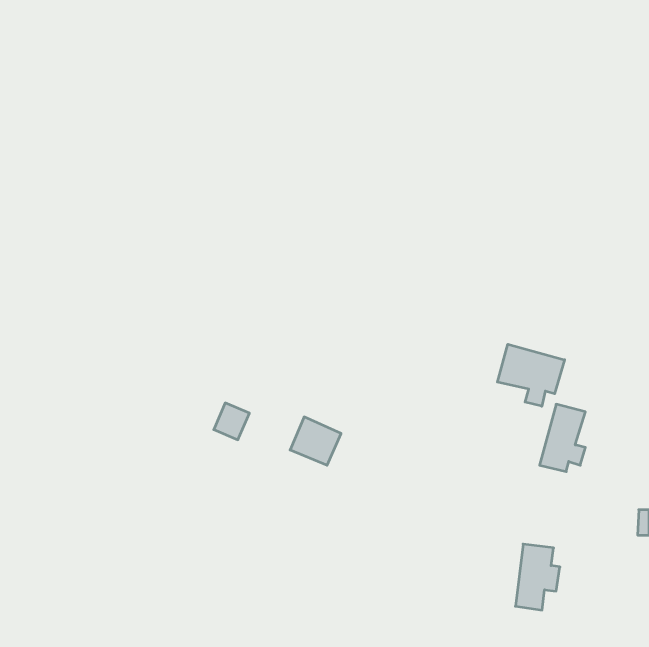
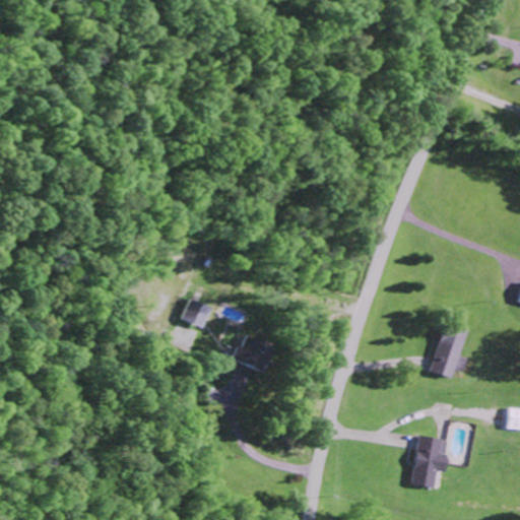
building: [497,344,565,406] -> none
building: none -> [183,298,212,328]

